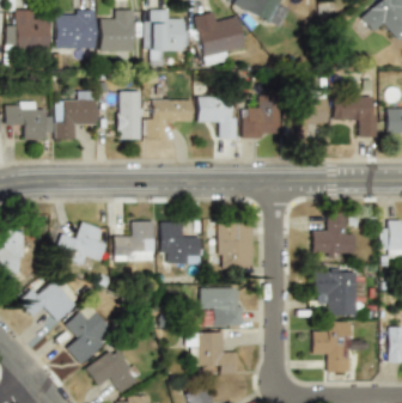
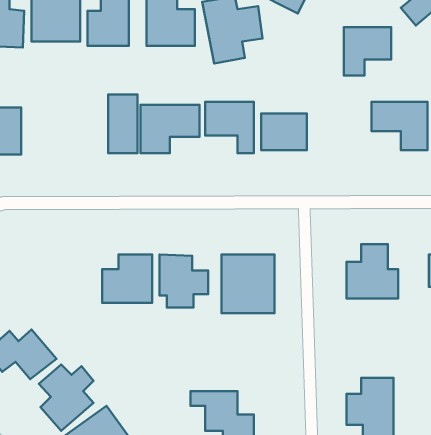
building: [56,91,97,140] -> none
building: [290,99,328,139] -> [344,27,391,76]
building: [54,221,106,265] -> none
building: [312,271,361,316] -> none
building: [200,287,243,325] -> none

